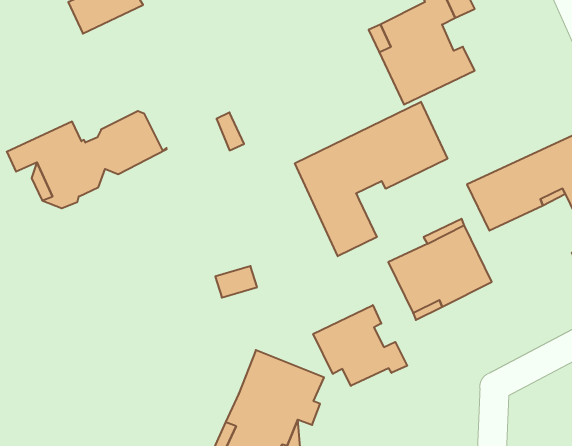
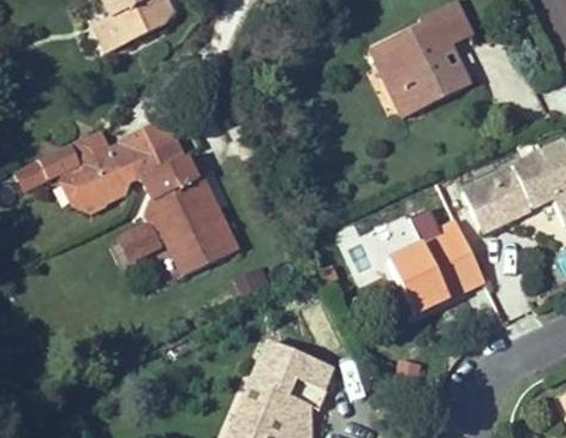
building: [295,102,447,256] -> none
building: none -> [133,157,237,275]
building: [313,305,407,386] -> none

